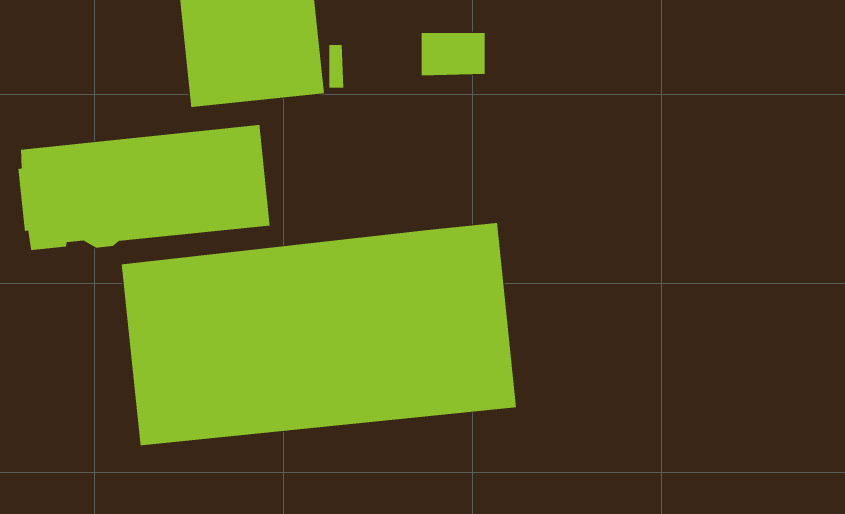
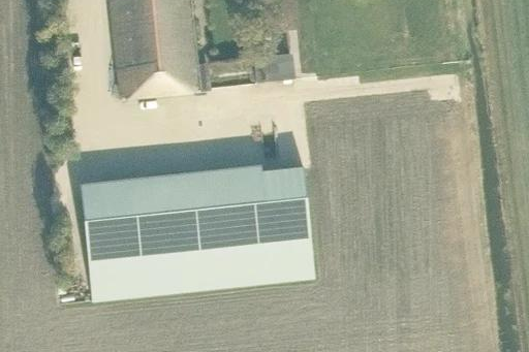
building: [18,124,270,251] -> none

